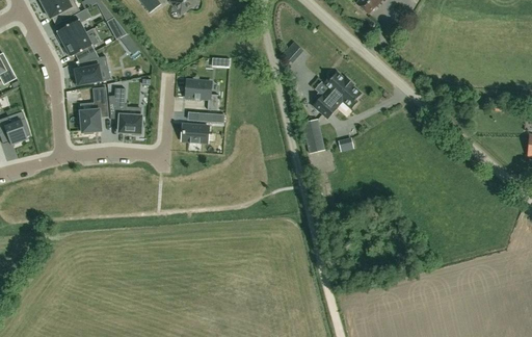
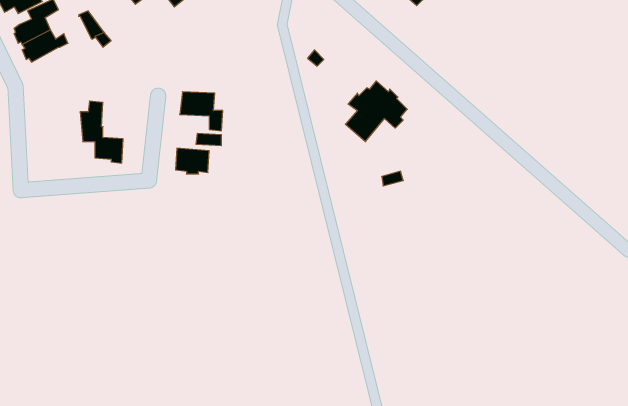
building: [74,55,108,84] -> none
building: [78,86,107,133] -> none
building: [302,118,325,153] -> none

